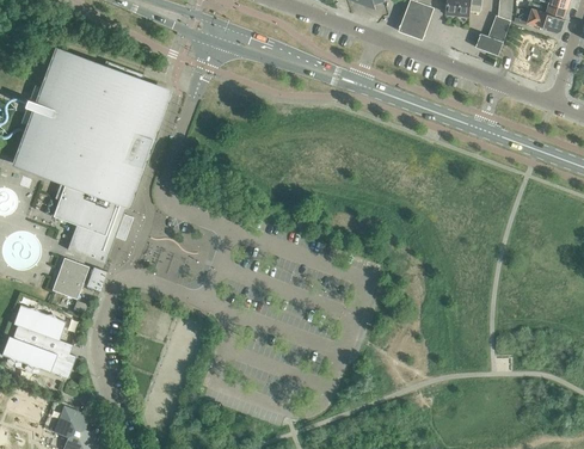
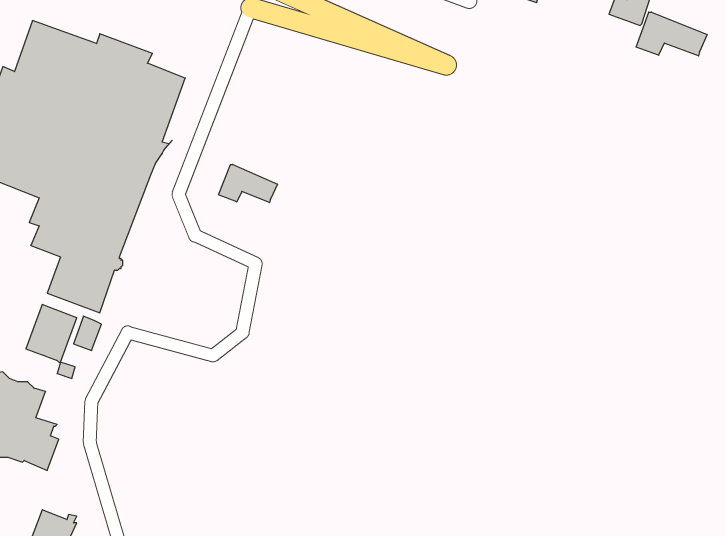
building: none -> [636,12,707,56]
building: none -> [219,164,277,203]

